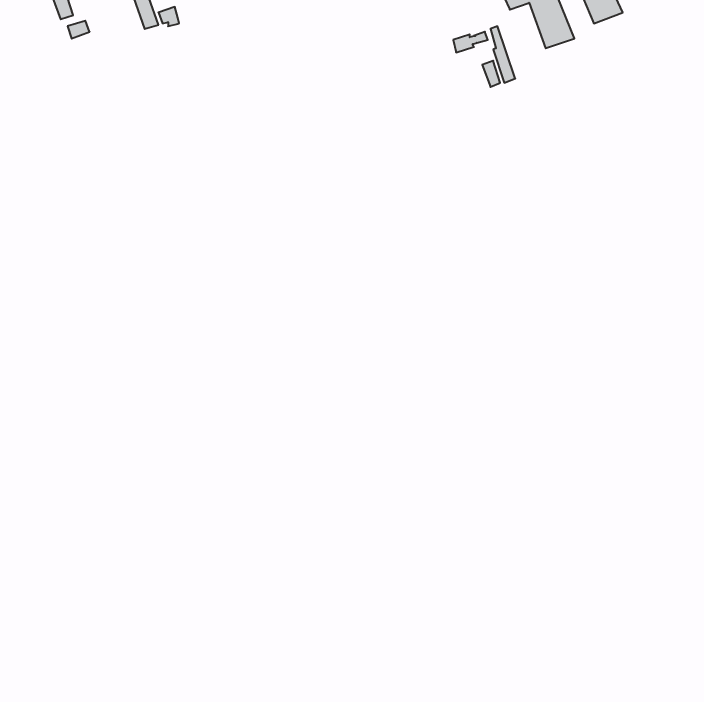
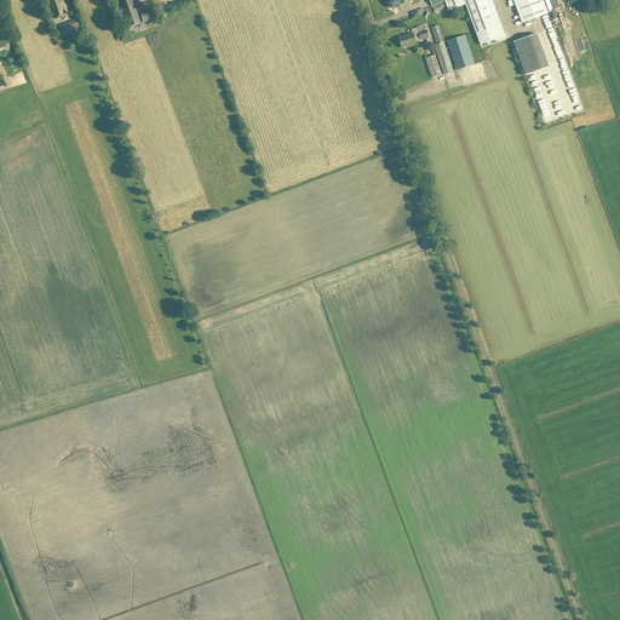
building: none -> [513,31,547,73]
building: none -> [447,33,473,68]

